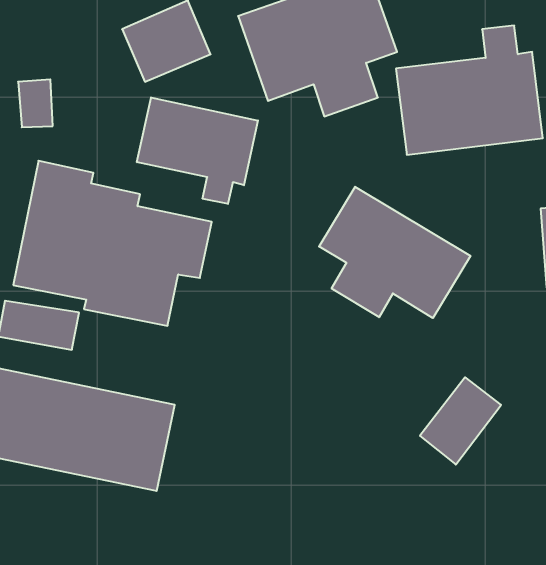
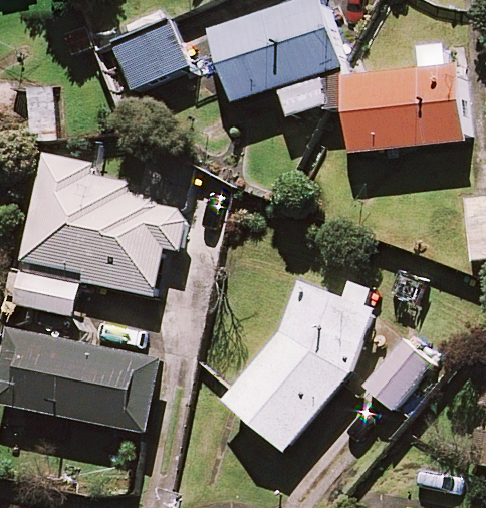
building: [137,97,258,204] -> none
building: [319,187,470,318] -> none
building: none -> [224,282,373,450]

